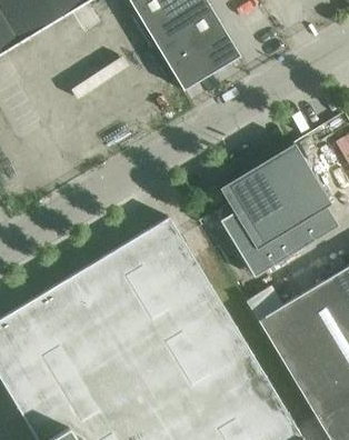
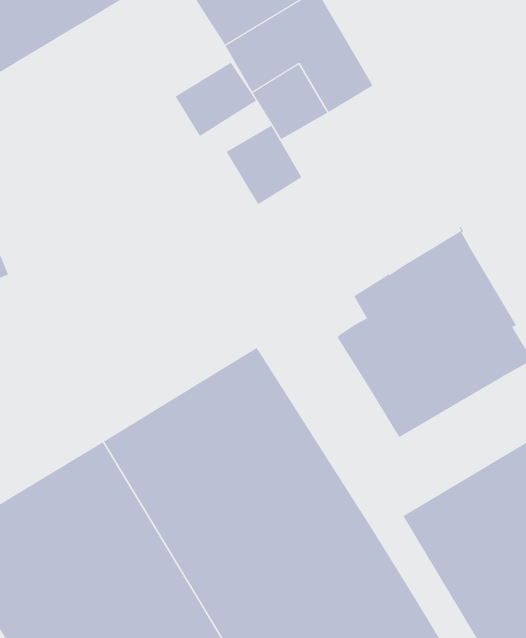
building: none -> [175,62,257,137]
building: none -> [226,125,302,205]

